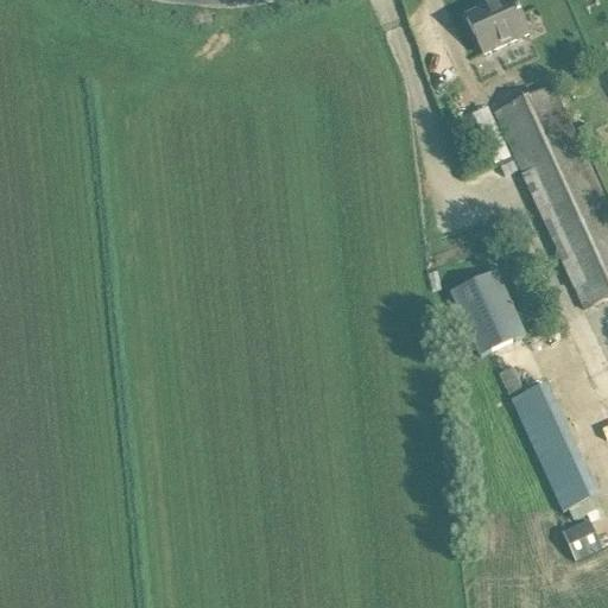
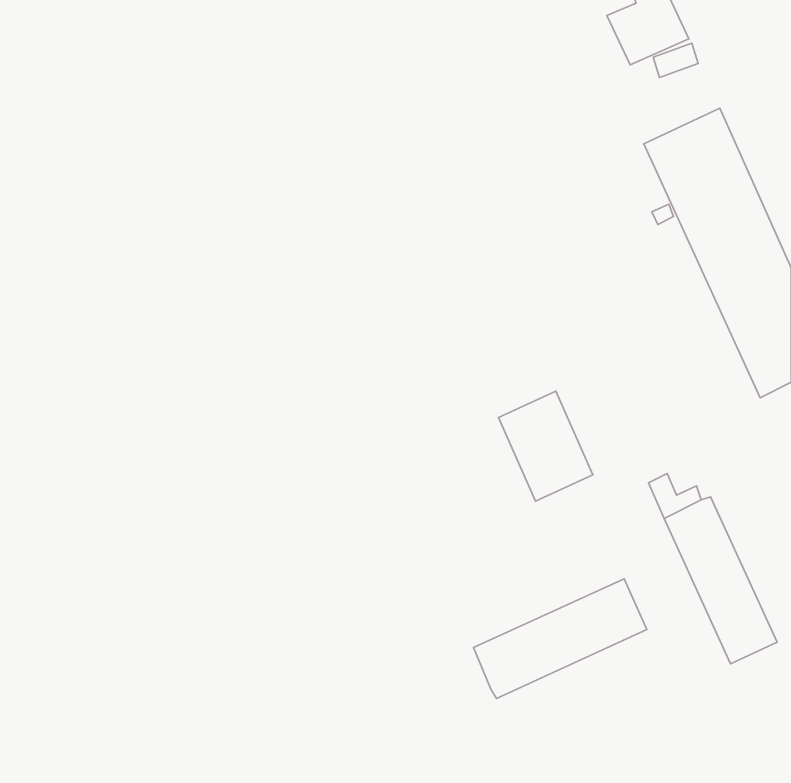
building: [450,268,522,353] -> [498,391,593,501]
building: none -> [474,579,647,698]
building: [562,515,602,558] -> none

